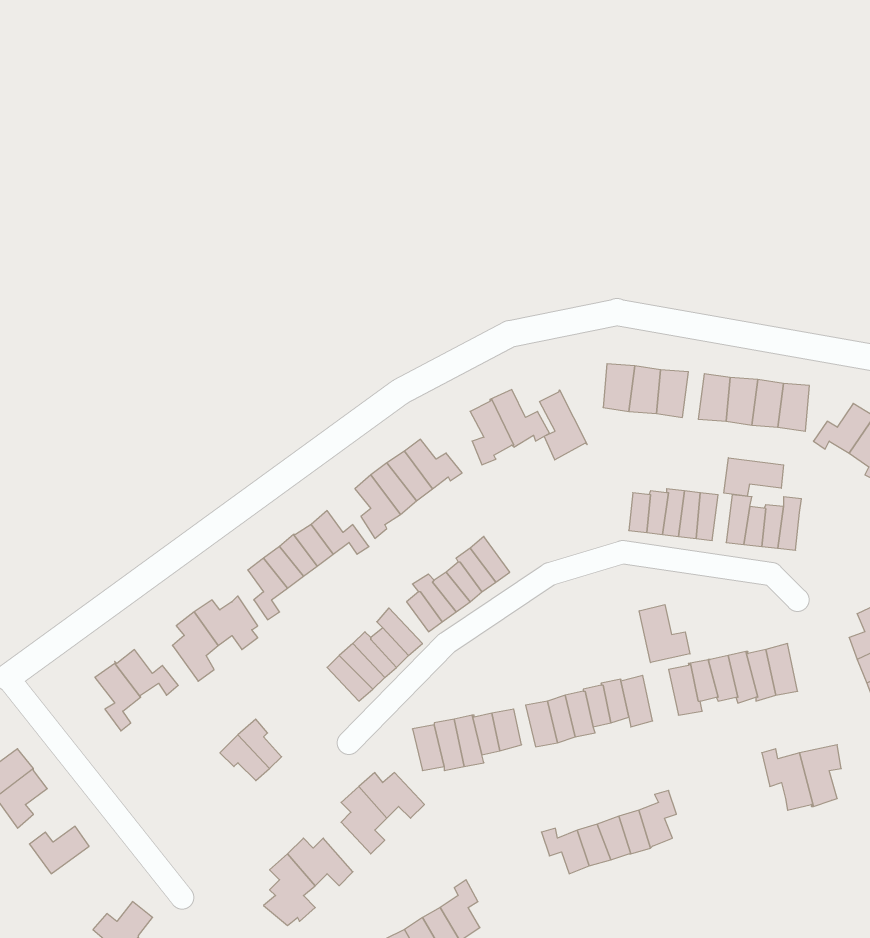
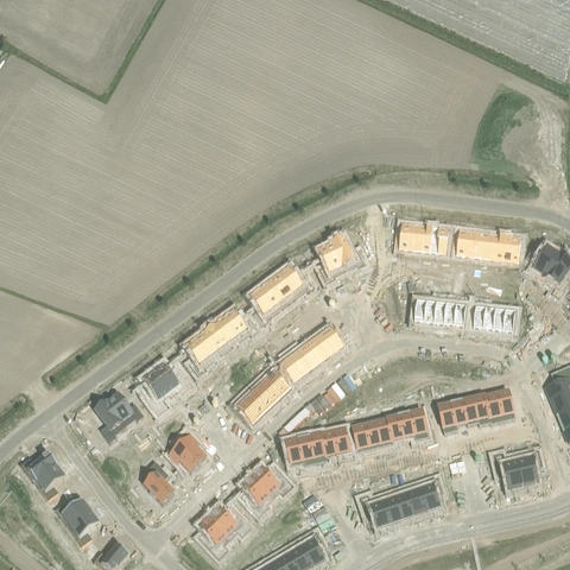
building: [540,390,587,460] -> none
building: [724,458,784,496] -> none
building: [639,605,690,663] -> none
building: none -> [144,461,173,500]
building: none -> [68,508,100,543]

